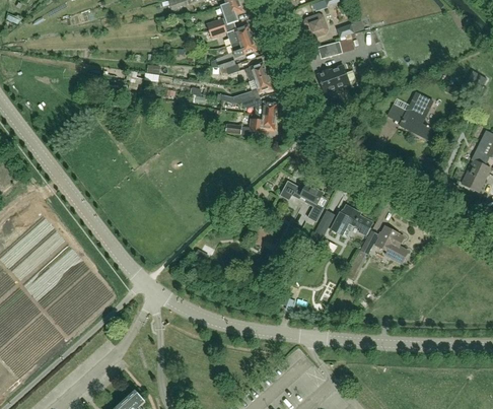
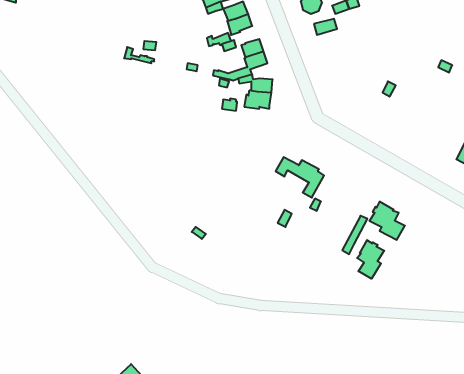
building: [316,65,351,94] -> none
building: [400,92,435,141] -> none
building: [331,206,371,238] -> none
building: none -> [357,240,384,279]

